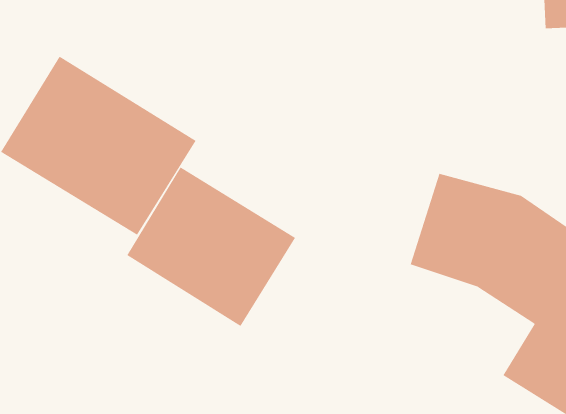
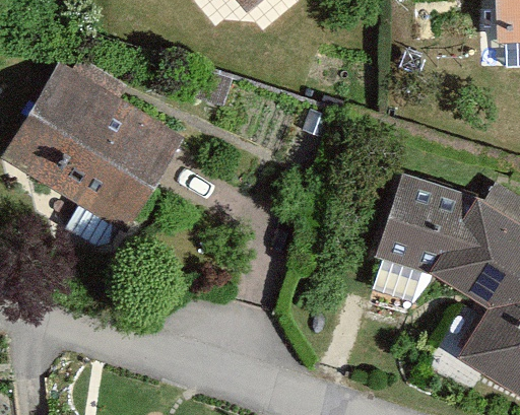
building: [126,167,296,327] -> none

